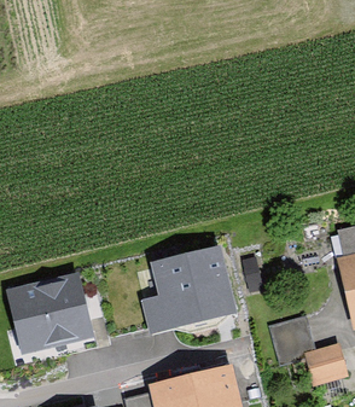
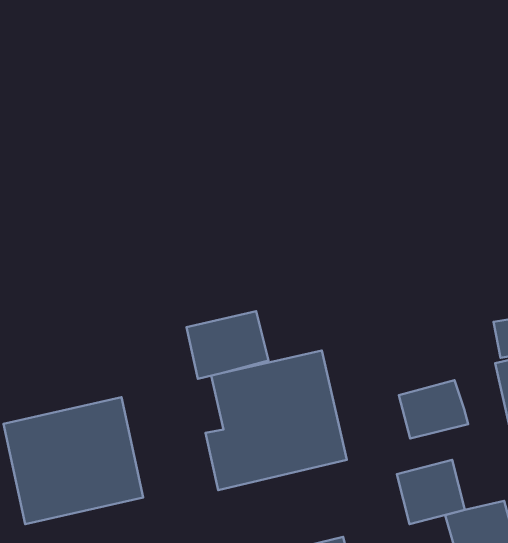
building: none -> [187,311,268,379]
building: none -> [399,380,468,439]

